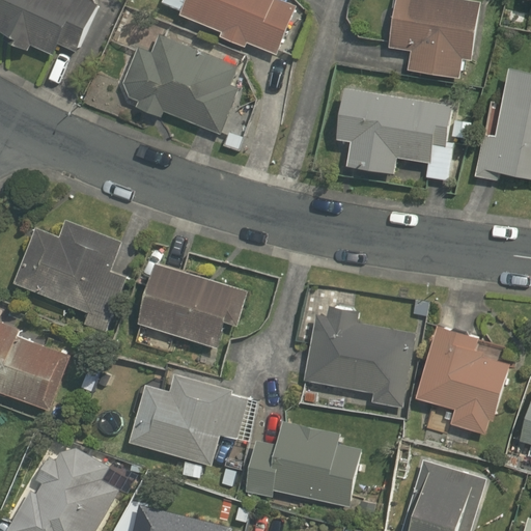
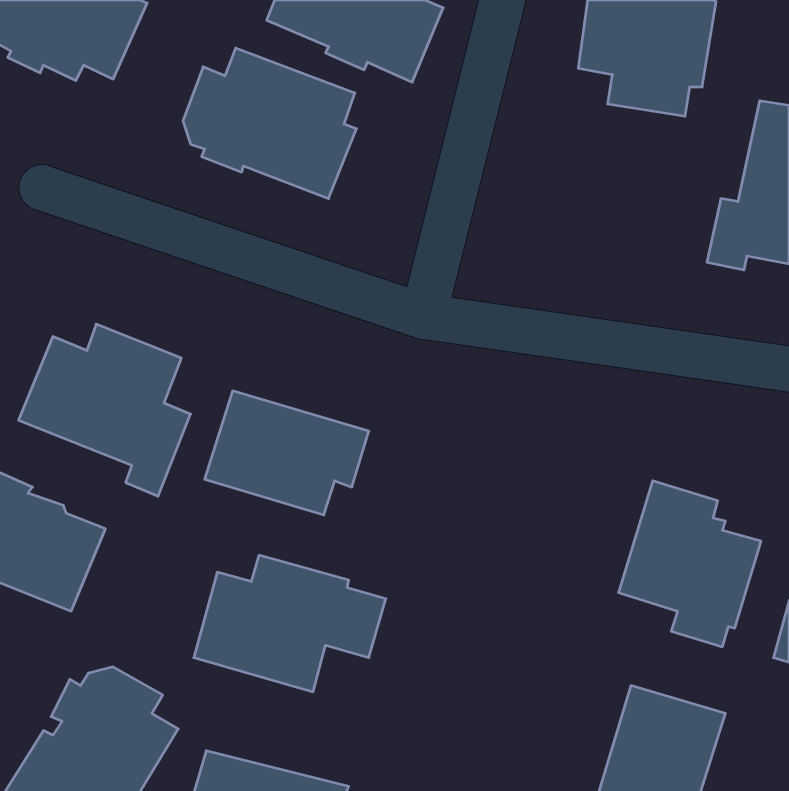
building: [335,87,467,183] -> none
building: [302,306,416,408] -> none
building: [246,419,362,507] -> none

